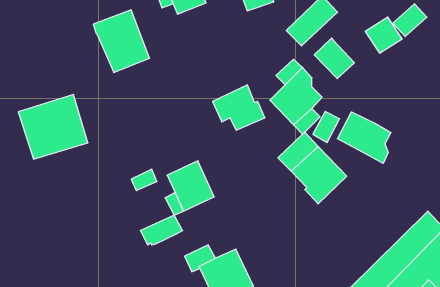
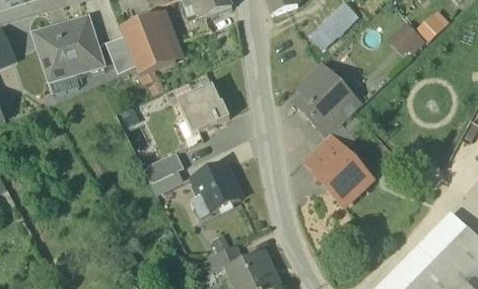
building: none -> [105,34,135,73]
building: [314,38,354,79] -> none
building: [213,85,265,130] -> [178,82,229,127]
building: [18,94,88,159] -> [36,17,105,81]
building: [337,112,391,163] -> none
building: [140,215,183,245] -> [142,150,184,179]

